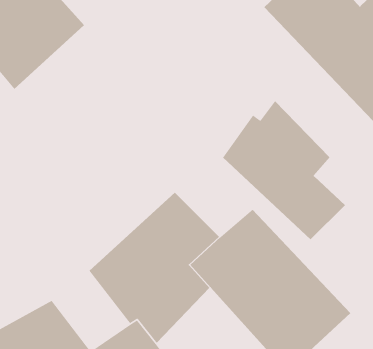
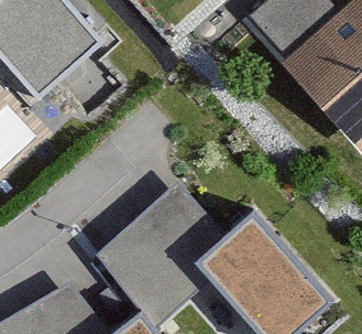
building: [222,100,346,240] -> none

